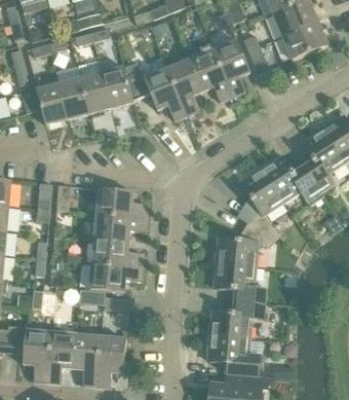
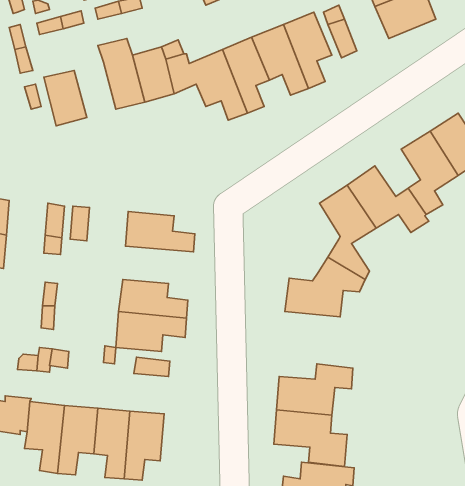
building: [59,77,89,118] -> none
building: [94,214,147,242] -> none
building: [212,262,266,304] -> none

